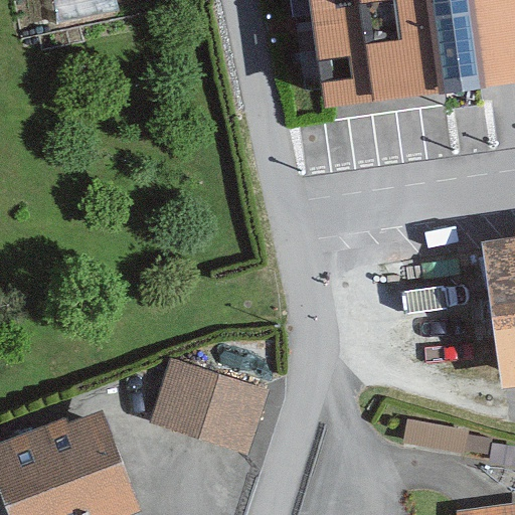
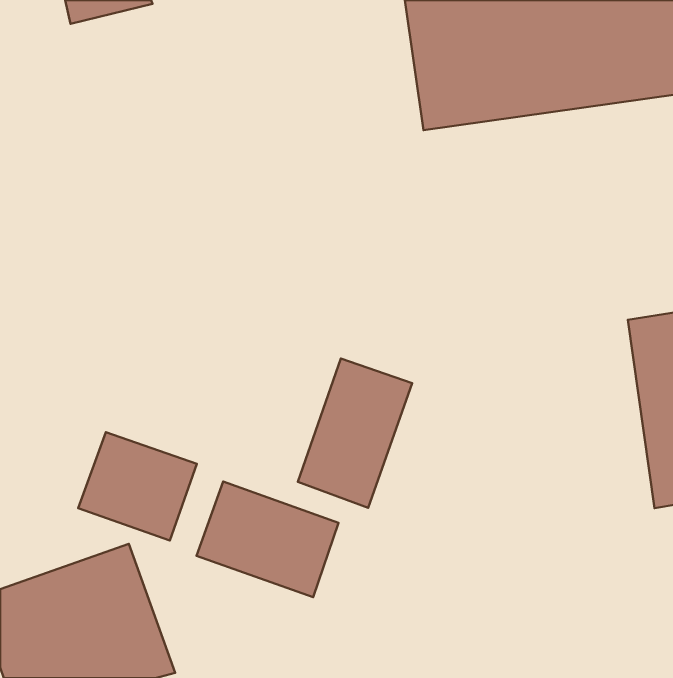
building: none -> [298,358,412,508]
building: none -> [78,432,197,541]

